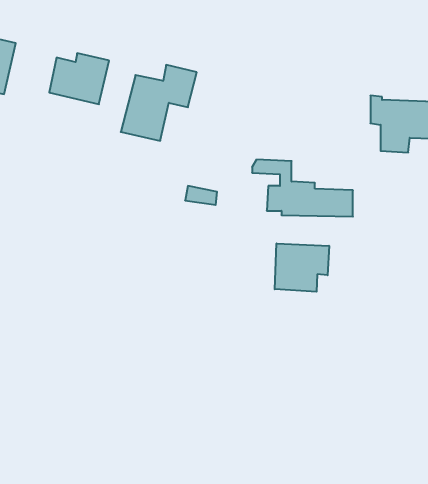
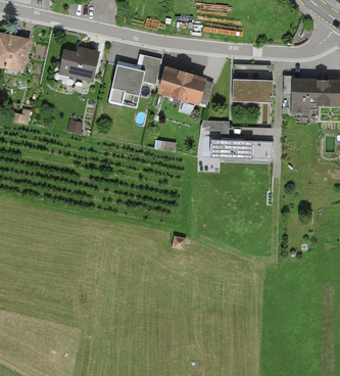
building: none -> [156,66,212,105]
building: none -> [232,80,272,102]
building: [275,243,329,292] -> none

